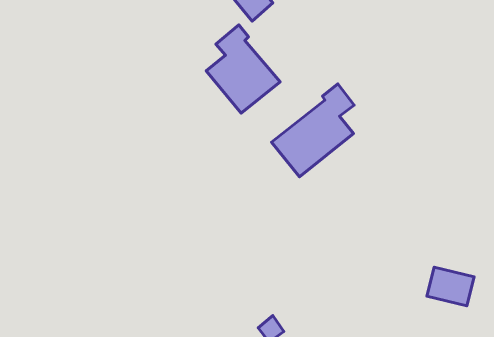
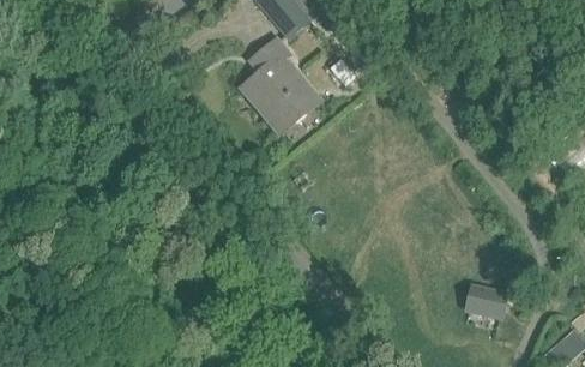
building: [271,84,354,177] -> none

